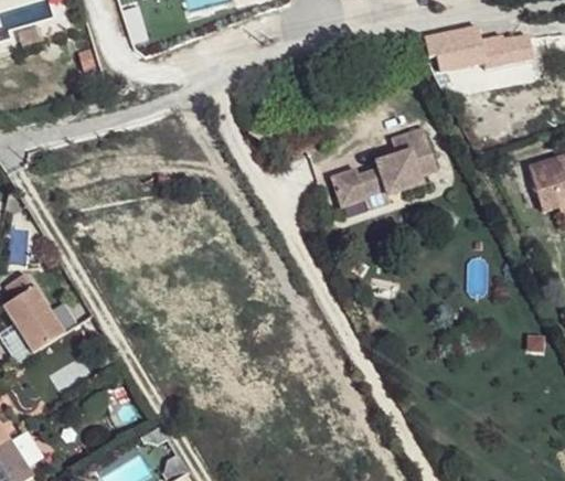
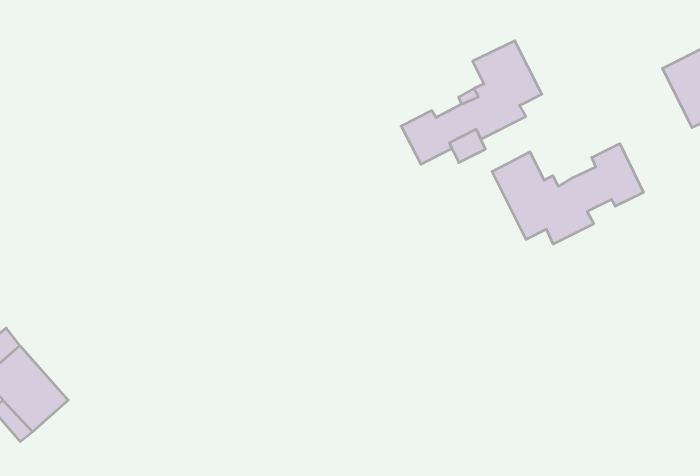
building: none -> [492,144,643,244]

